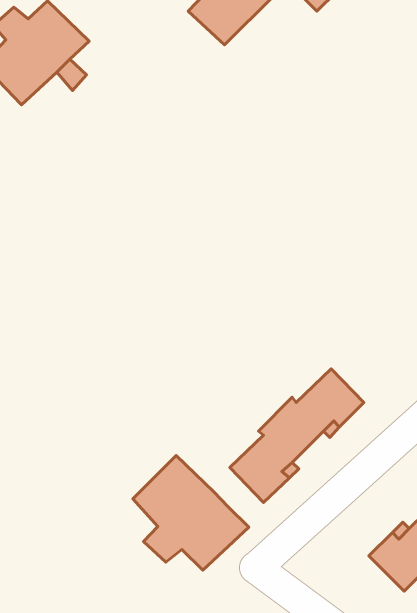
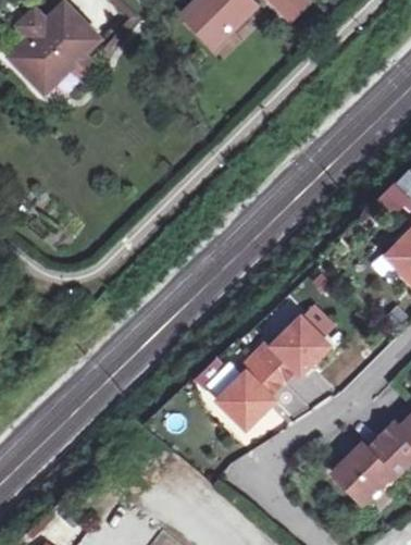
building: [133,456,249,570] -> none

